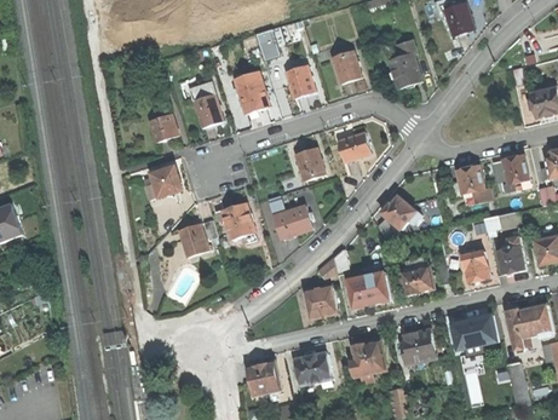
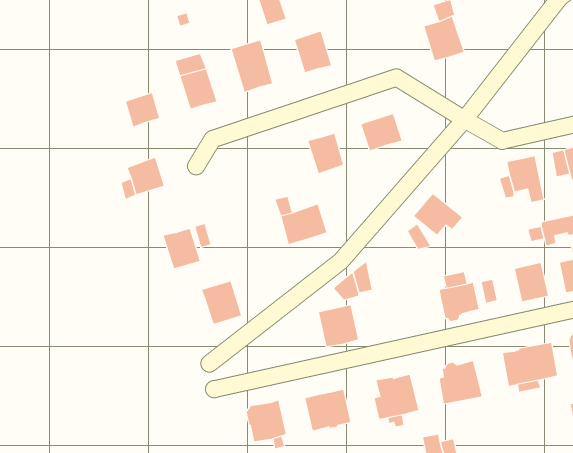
building: [330,50,361,84] -> none
building: [220,202,253,237] -> [201,281,242,324]
building: [346,272,389,307] -> none

